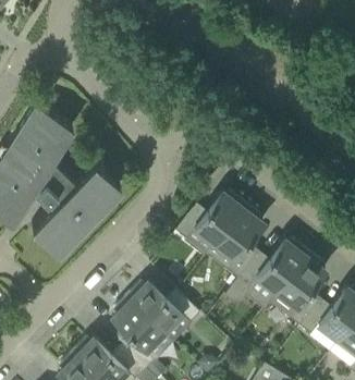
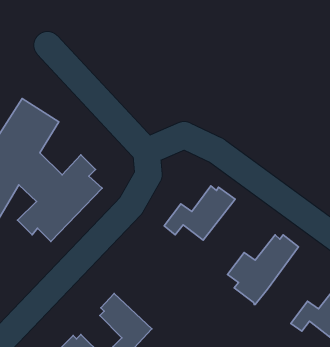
building: [213,206,262,280] -> none
building: [277,253,325,328] -> none
building: [126,282,199,333] -> none

